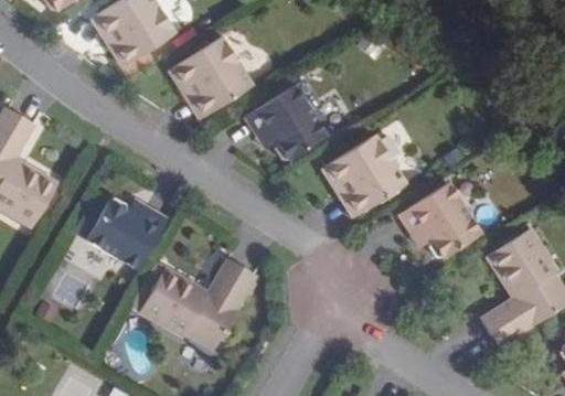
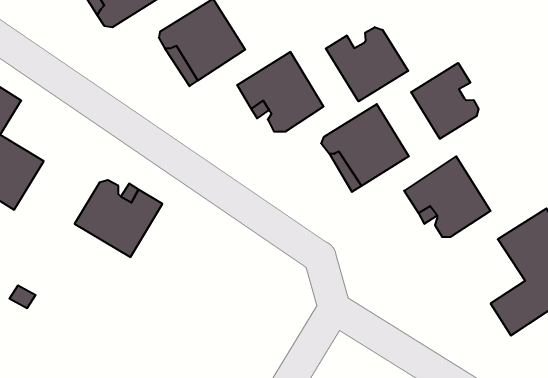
building: none -> [326,27,408,101]
building: none -> [411,63,479,139]
building: [145,261,263,353] -> none

